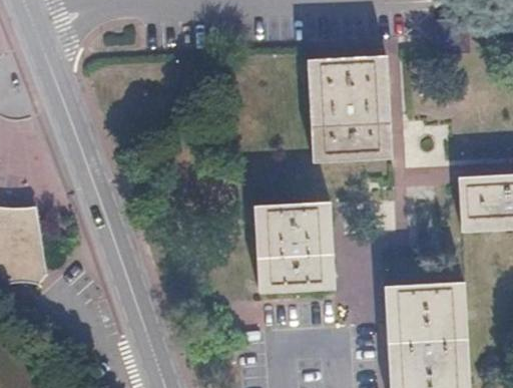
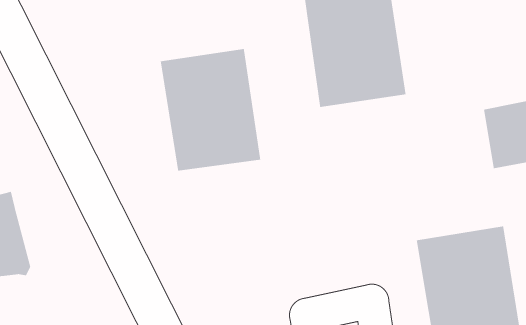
building: none -> [160,48,261,172]
building: [255,201,334,292] -> none

